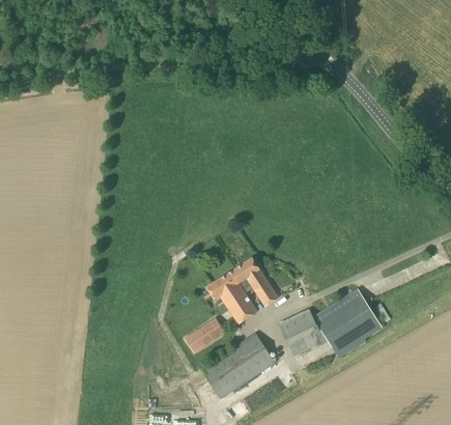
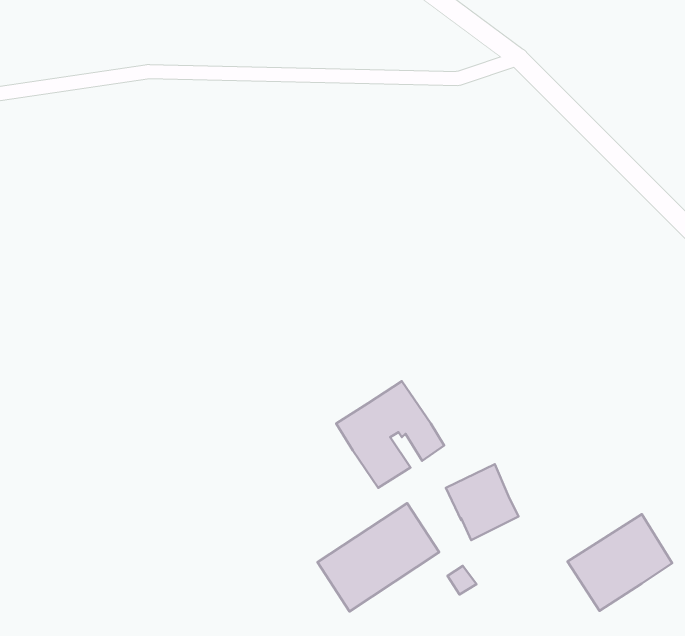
building: [313,288,377,347] -> [567,514,672,611]
building: [185,322,220,353] -> none

